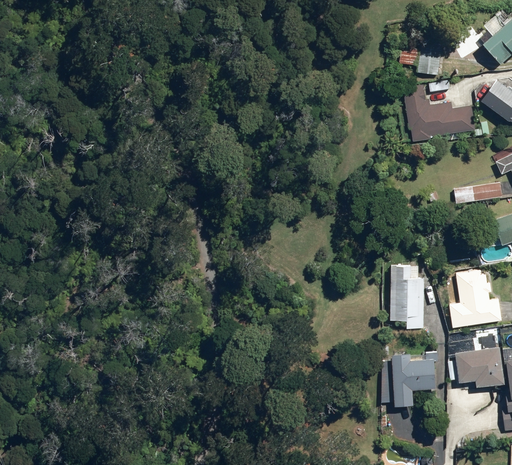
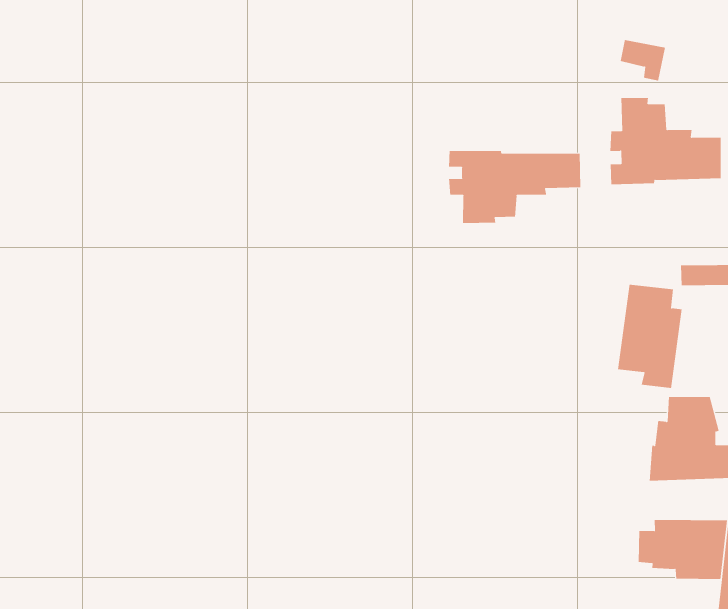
building: none -> [449,150,581,224]
building: [389,266,426,329] -> [617,284,683,388]
building: [383,351,438,407] -> none

